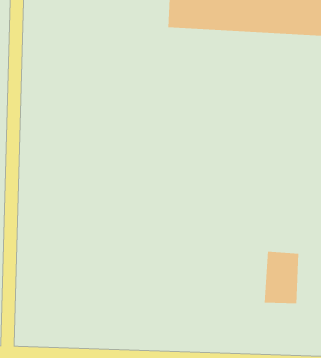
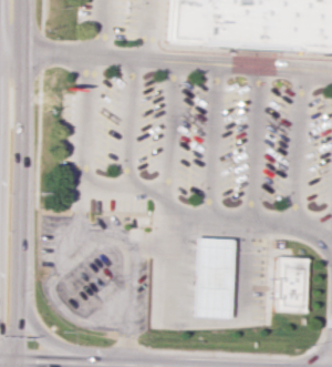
building: none -> [197,238,232,318]

